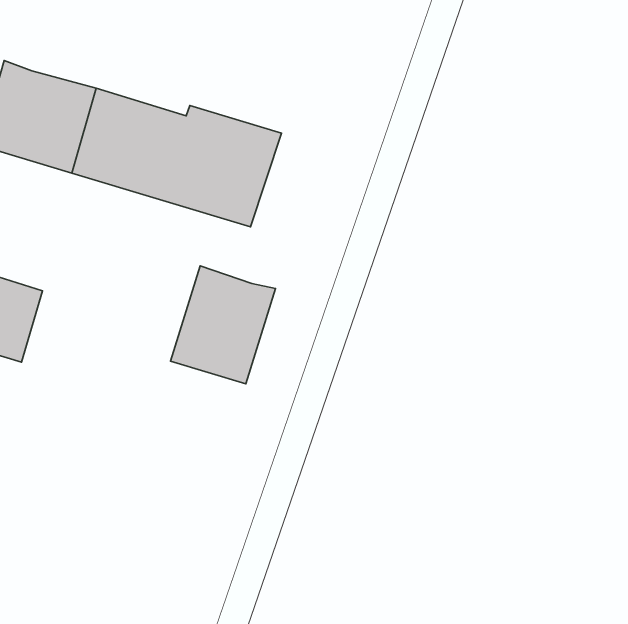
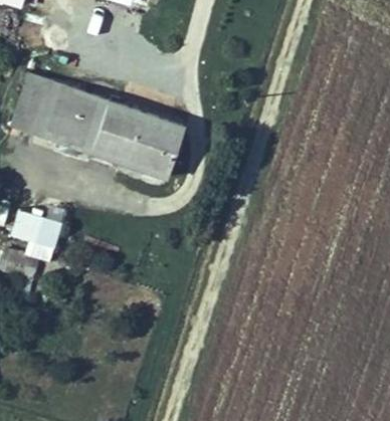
building: [170,266,276,384] -> none

